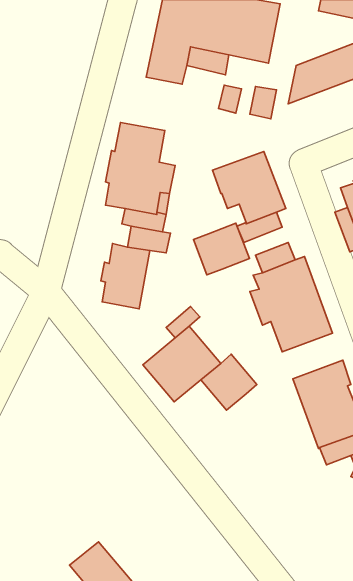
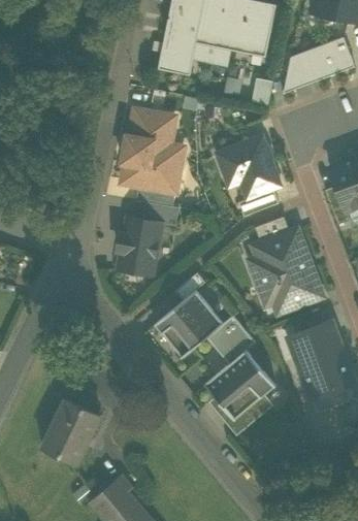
building: [193,223,249,275] -> none
building: none -> [204,350,275,430]
building: none -> [42,398,101,464]

